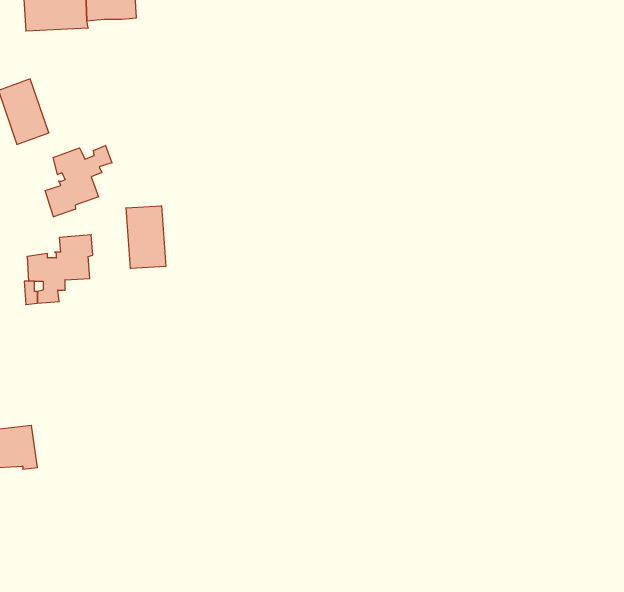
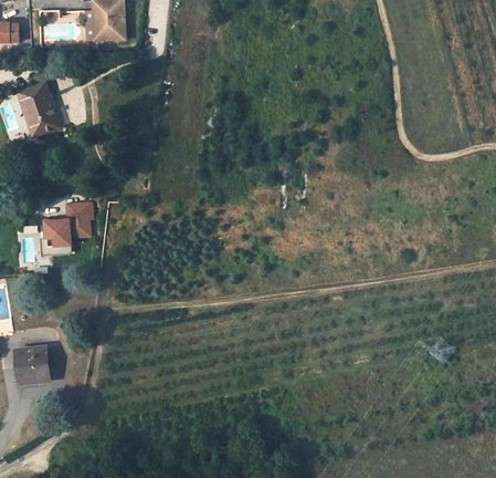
building: [45,145,112,217] -> none
building: [126,206,166,269] -> none

